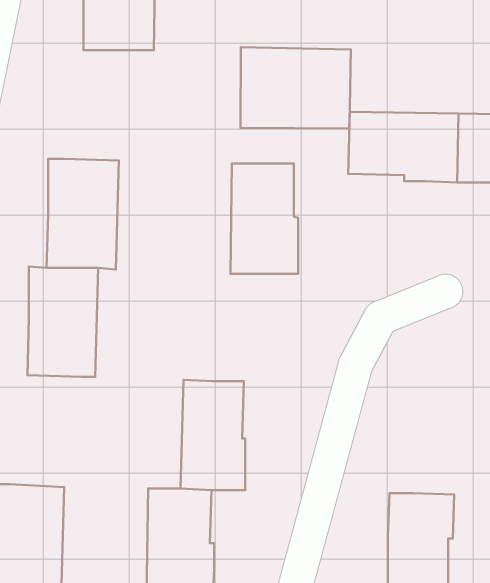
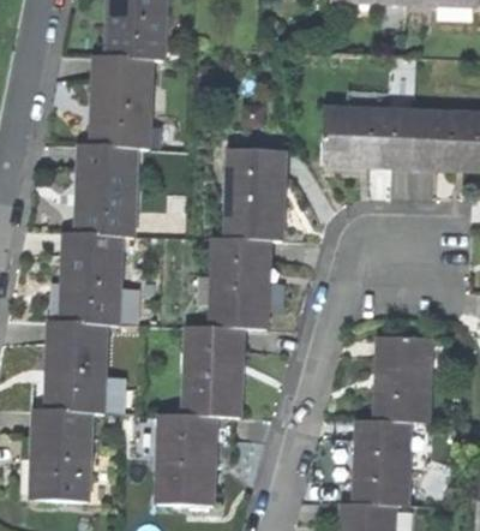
building: [241,47,351,129] -> none
building: none -> [92,56,150,148]
building: none -> [214,257,269,329]
building: none -> [48,323,107,414]
building: none -> [377,336,431,420]

